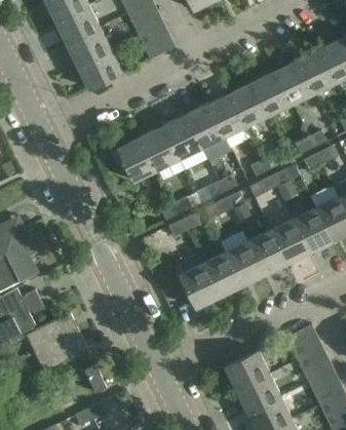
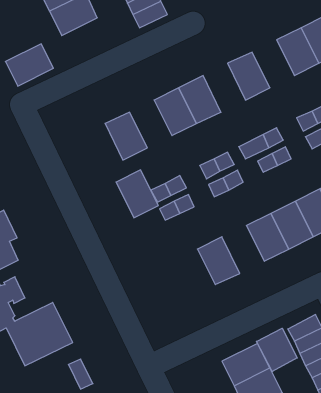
building: [77,50,121,89] -> [5,44,53,86]
building: [253,71,292,115] -> none
building: [207,92,252,148] -> none
building: [140,126,179,170] -> [116,170,158,218]
building: [225,242,264,286] -> none
building: [179,264,219,308] -> none
building: none -> [256,328,297,372]

